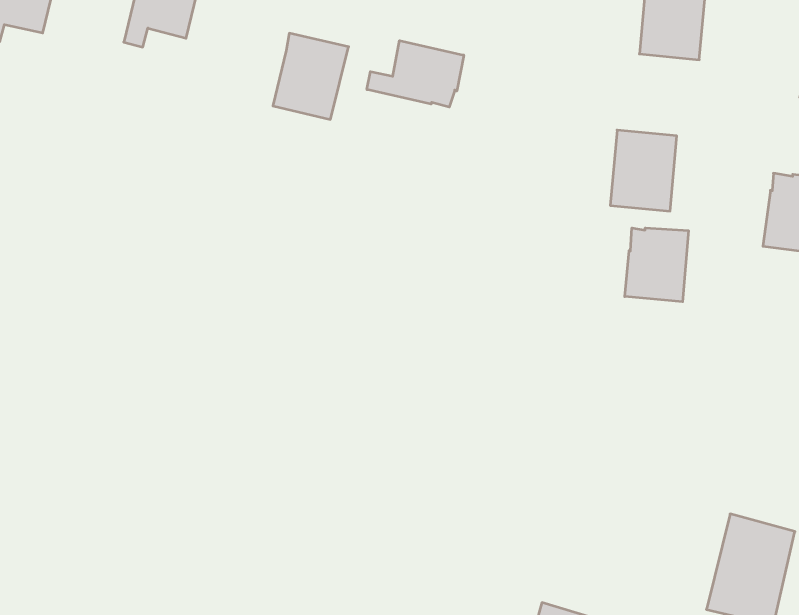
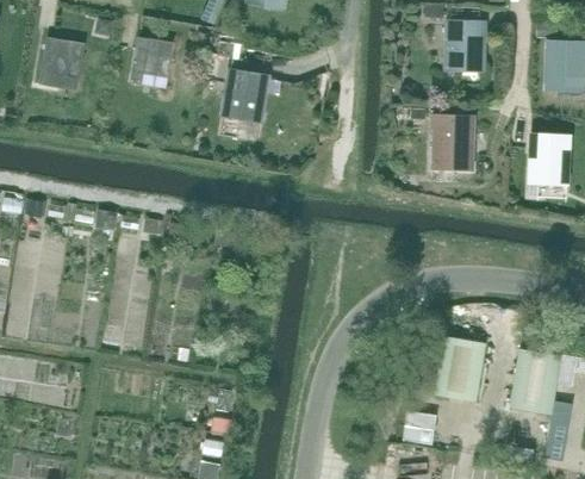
building: [367,41,464,107] -> none
building: [625,228,688,302] -> none
building: none -> [435,334,486,400]

